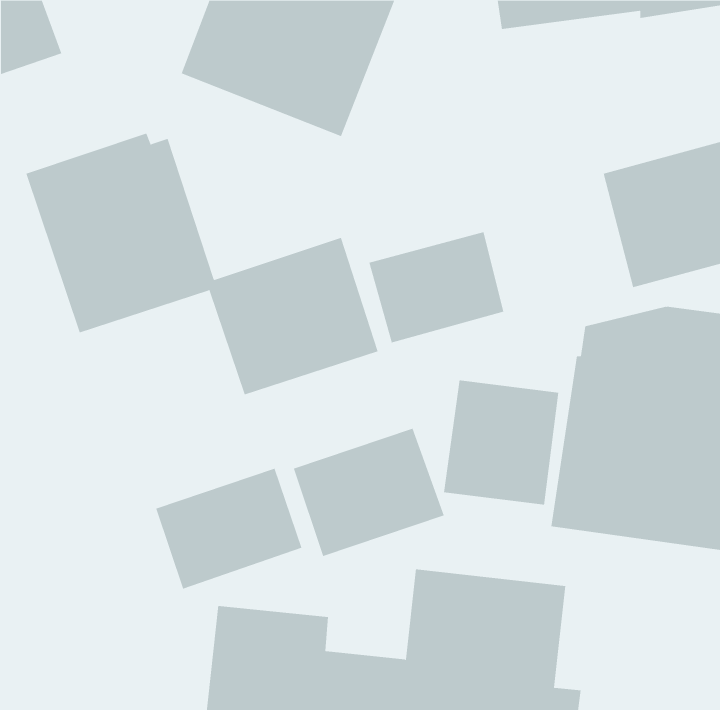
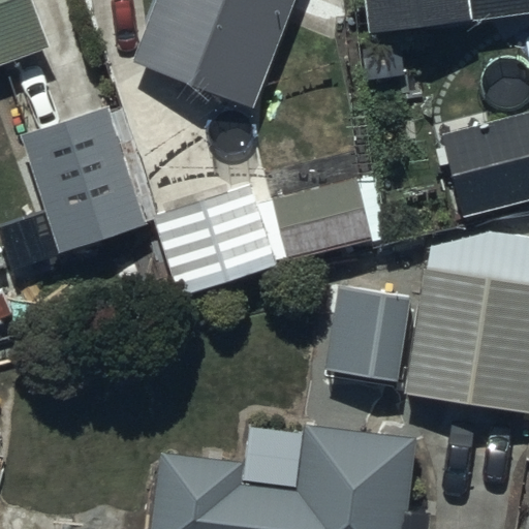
building: [293,428,444,557] -> none
building: [155,468,302,590] -> none

